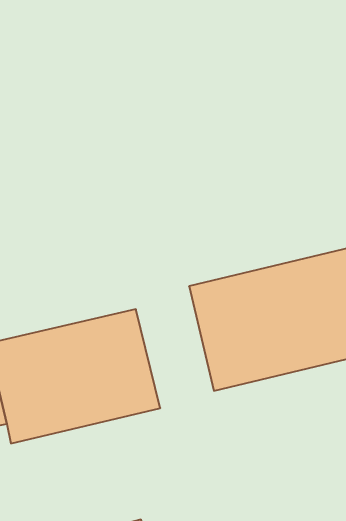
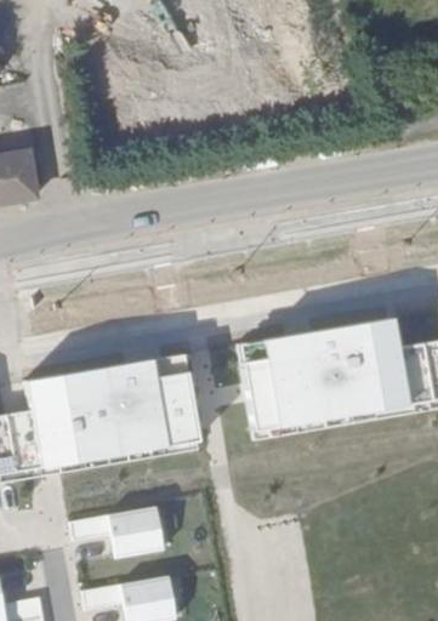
building: none -> [115,505,169,563]

